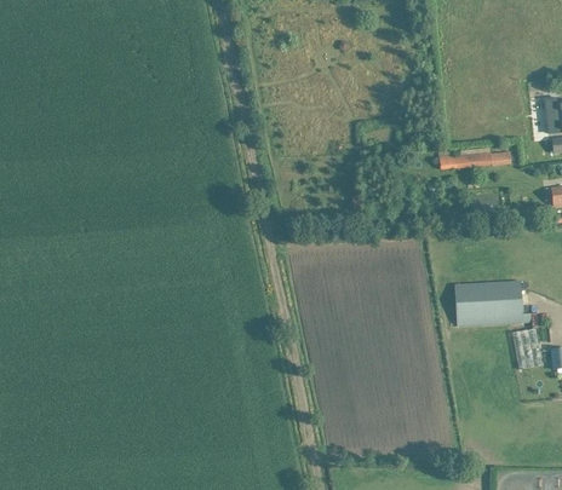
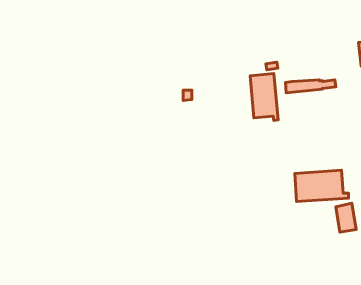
building: none -> [250,73,278,121]

